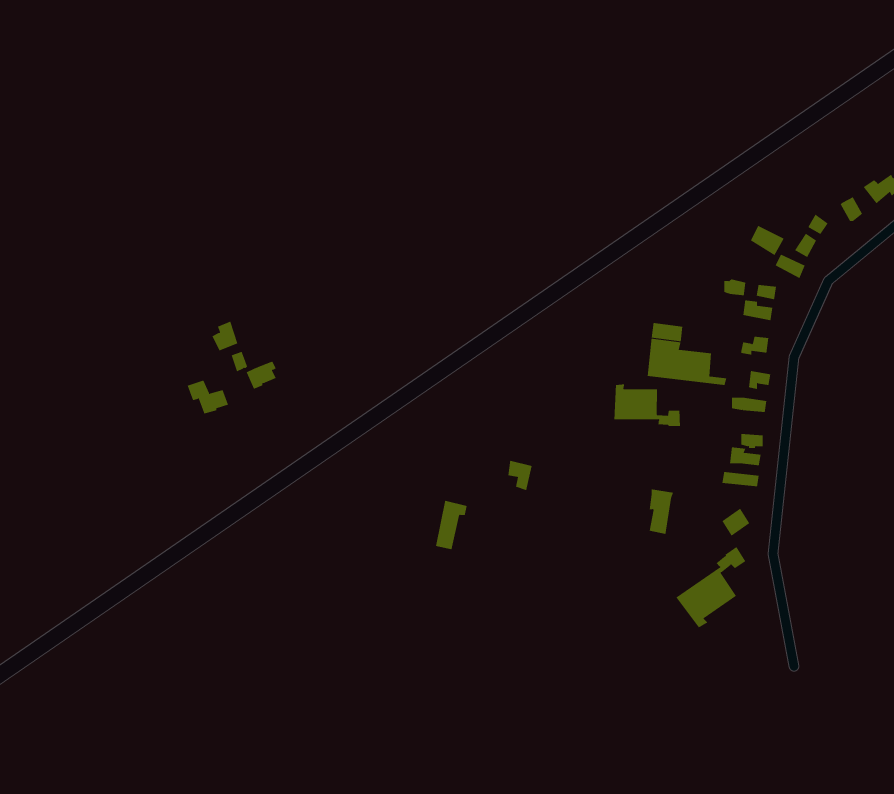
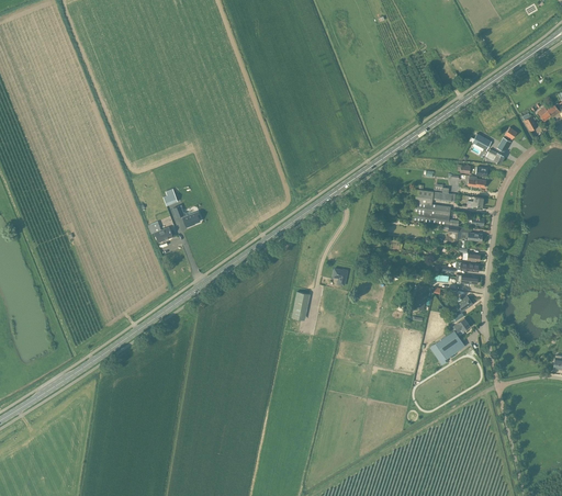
building: [614,384,680,427] -> none

